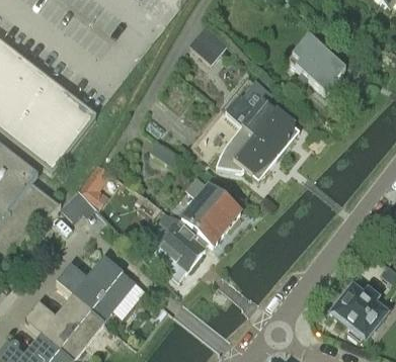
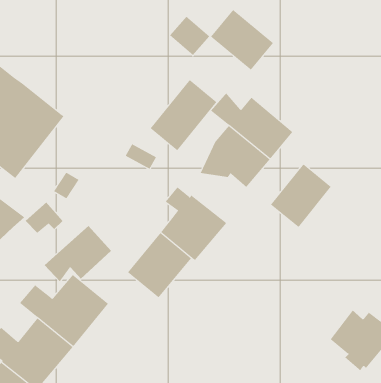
building: [289,35,345,90] -> [210,9,274,71]
building: none -> [150,79,217,151]
building: none -> [270,164,332,228]
building: none -> [44,225,112,282]

